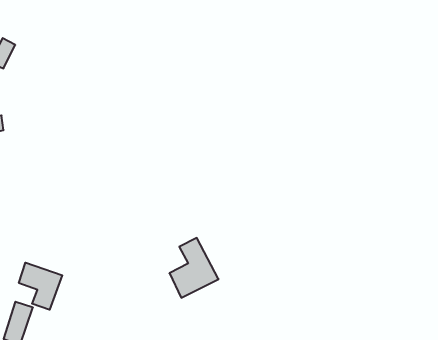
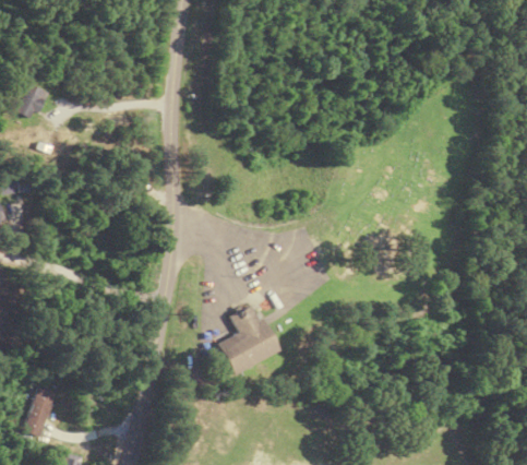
building: [19,263,62,310] -> none

